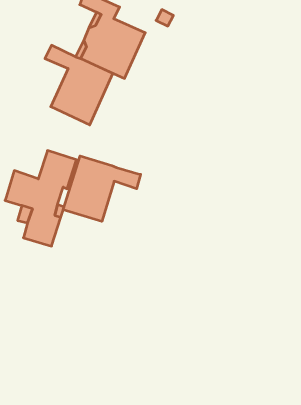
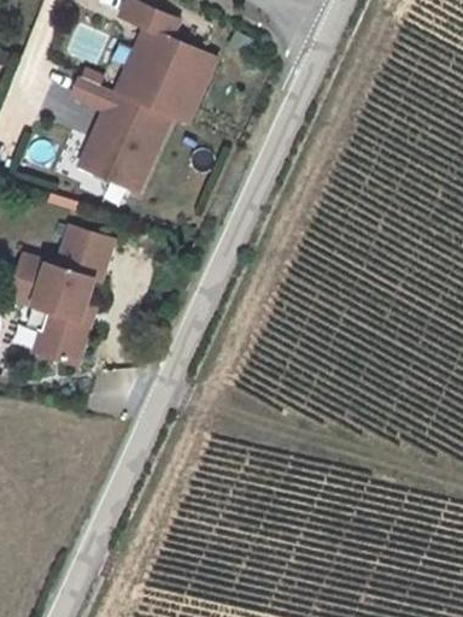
building: [63,156,141,221] -> none

